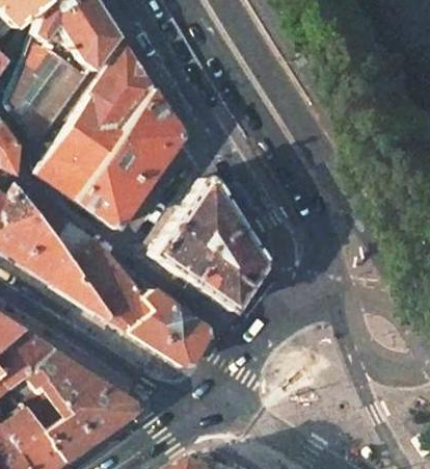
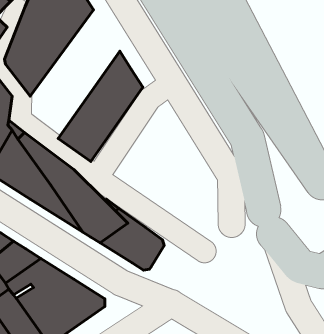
building: [36,48,154,201] -> none
building: [153,179,263,310] -> none

